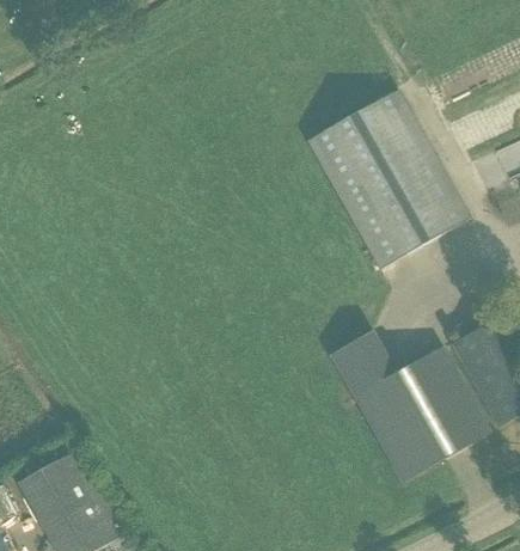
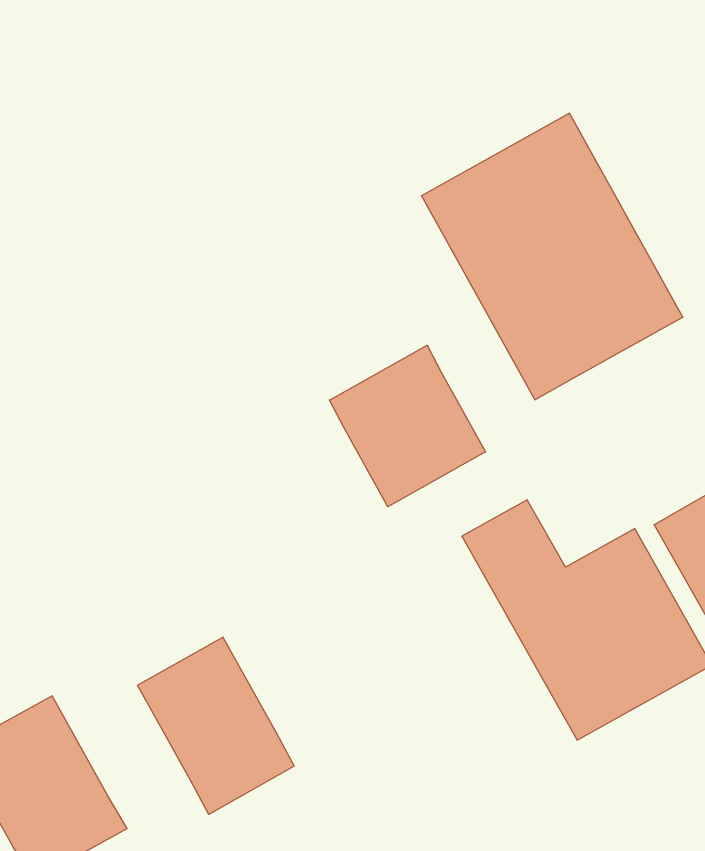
building: none -> [329,345,486,507]
building: none -> [138,637,294,814]

